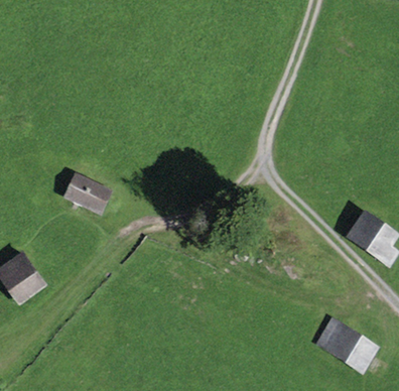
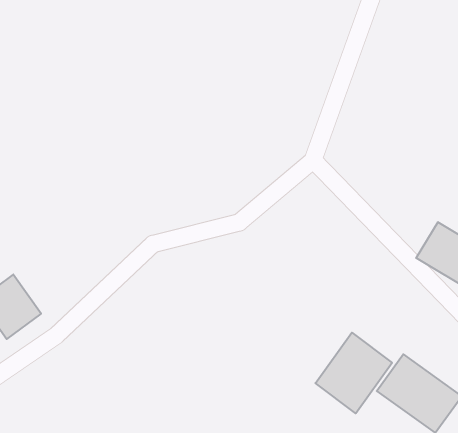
building: [60,171,111,213] -> none
building: none -> [315,333,392,413]

